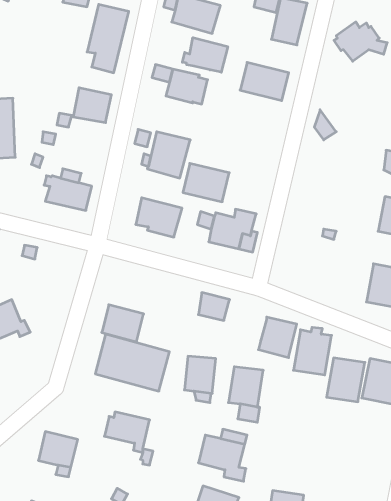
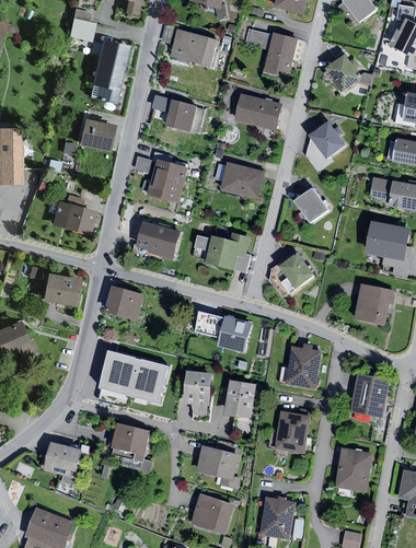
building: [182,38,228,72] -> none
building: none -> [310,121,346,159]
building: none -> [294,187,328,223]
building: [183,163,229,202] -> [221,162,265,198]
building: none -> [269,249,315,300]
building: none -> [42,272,81,307]
building: [102,305,144,342] -> [105,284,145,319]
building: [258,317,297,358] -> [218,315,254,353]
building: [327,358,365,402] -> [275,411,311,453]
building: none -> [336,448,373,492]

